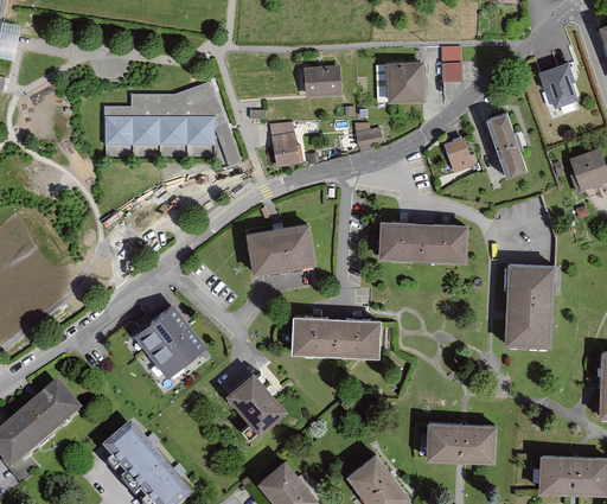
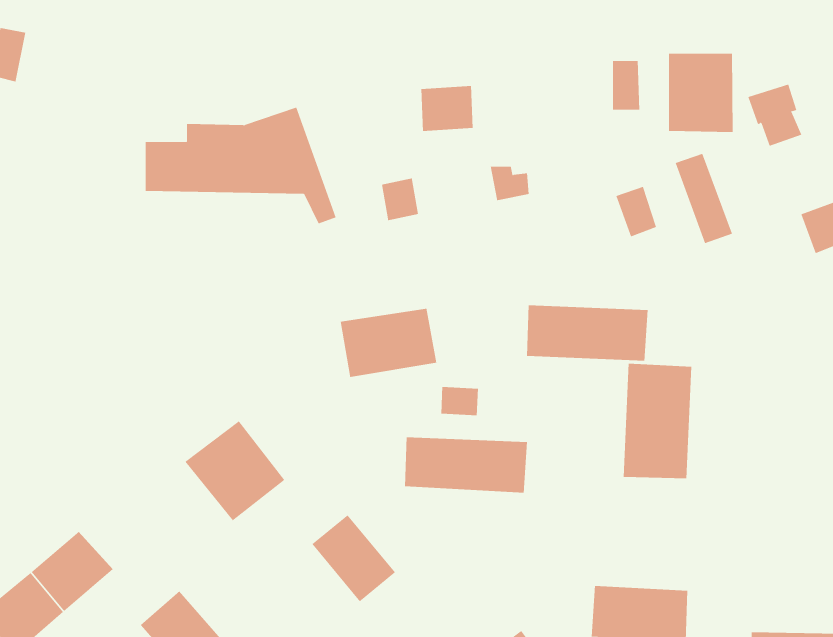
building: none -> [668,53,733,133]
building: [389,60,426,100] -> none
building: [503,266,552,349] -> [623,363,692,479]
building: none -> [441,386,478,416]

